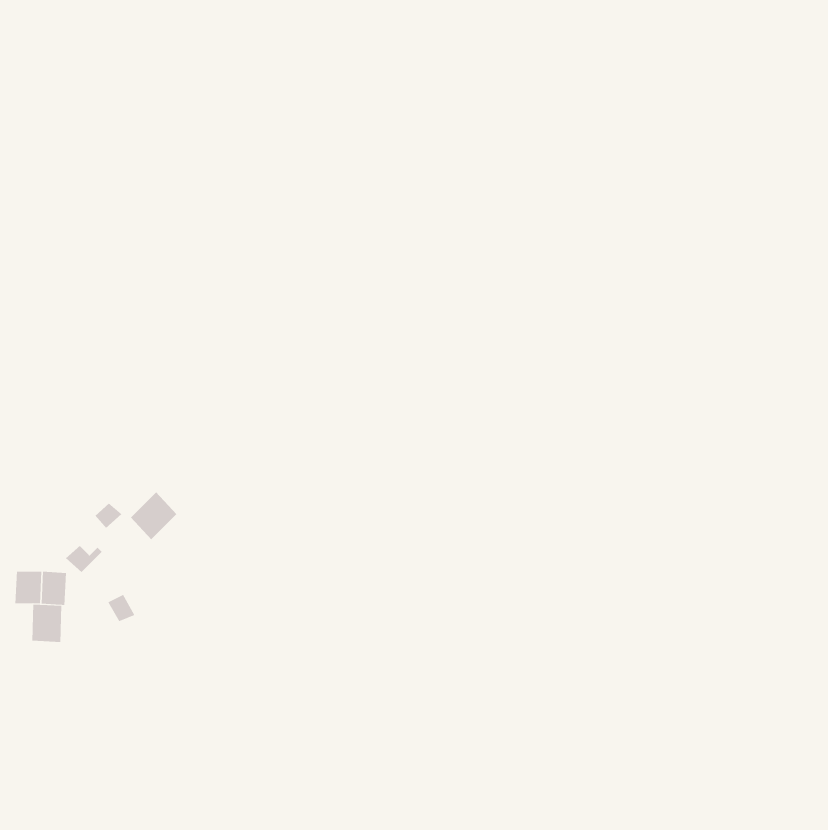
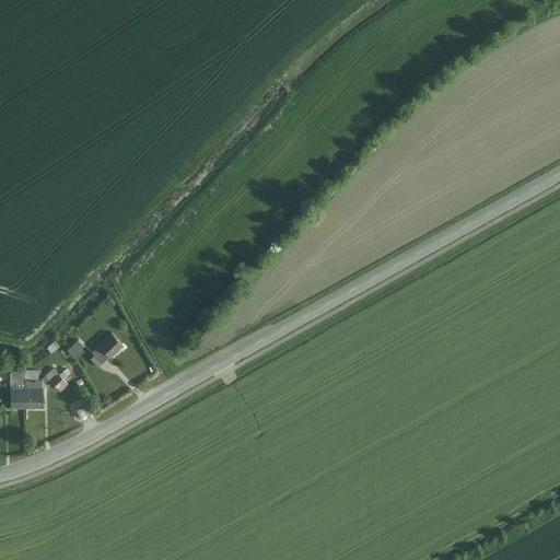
building: [32,604,62,643] -> none

